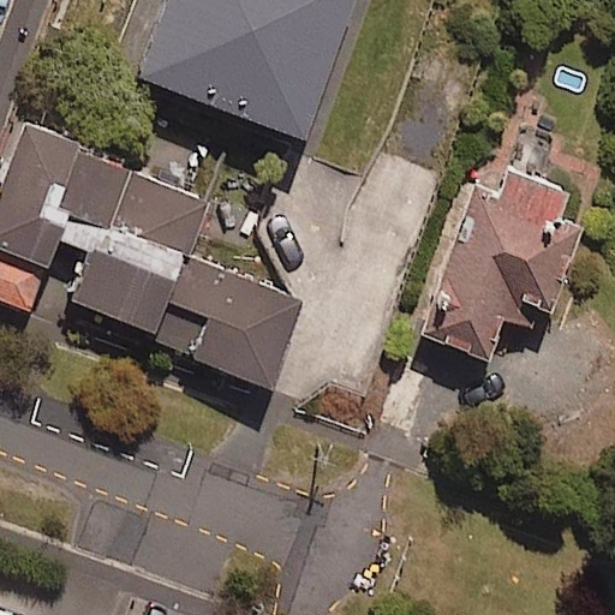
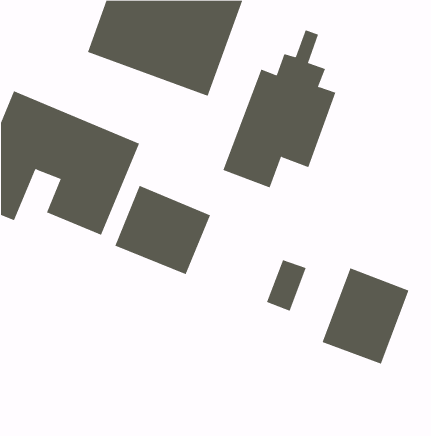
building: [422,135,581,358] -> [223,29,336,188]
building: none -> [322,268,409,364]

